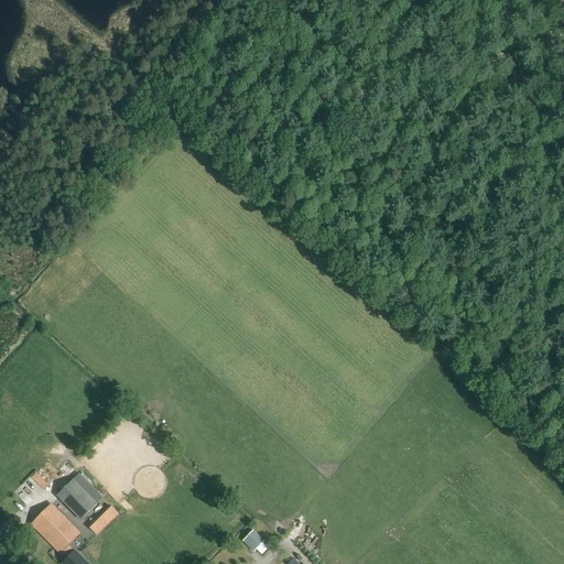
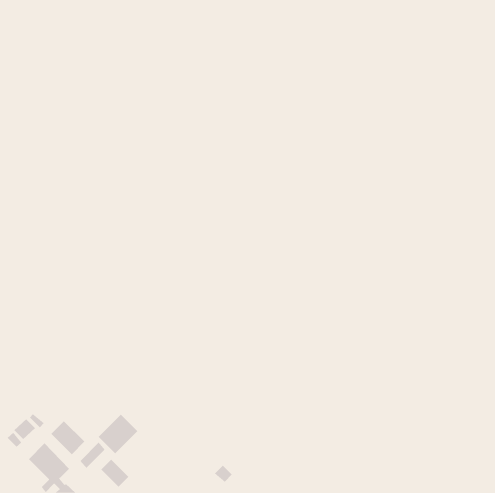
building: none -> [98,414,138,454]
building: none -> [101,459,129,487]

